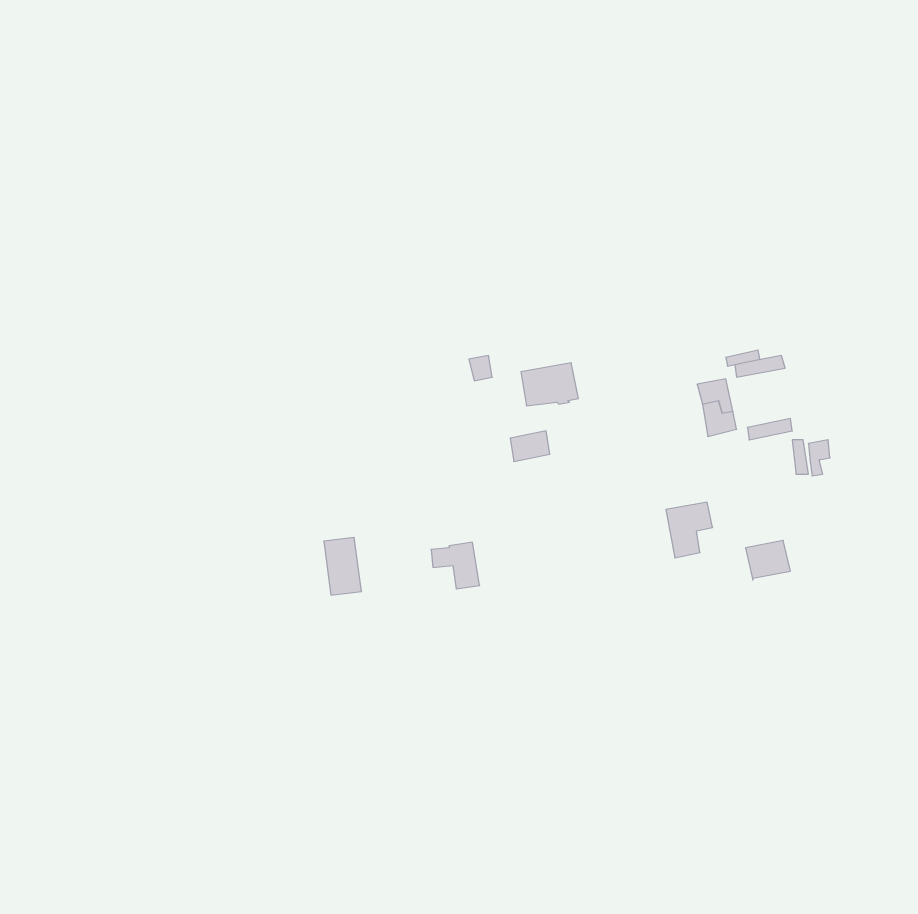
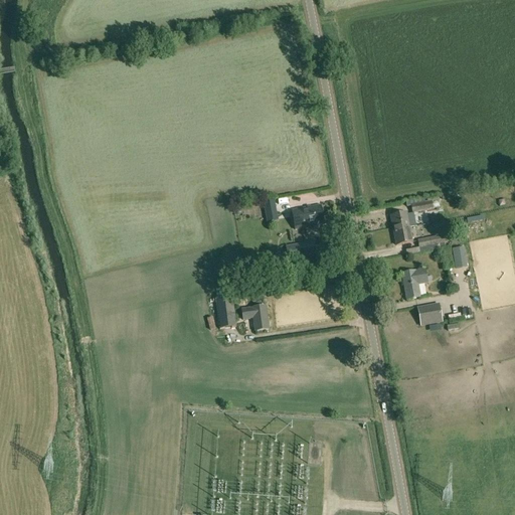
building: [666,502,713,558] -> [401,268,427,299]
building: [324,538,362,595] -> [215,295,236,327]

